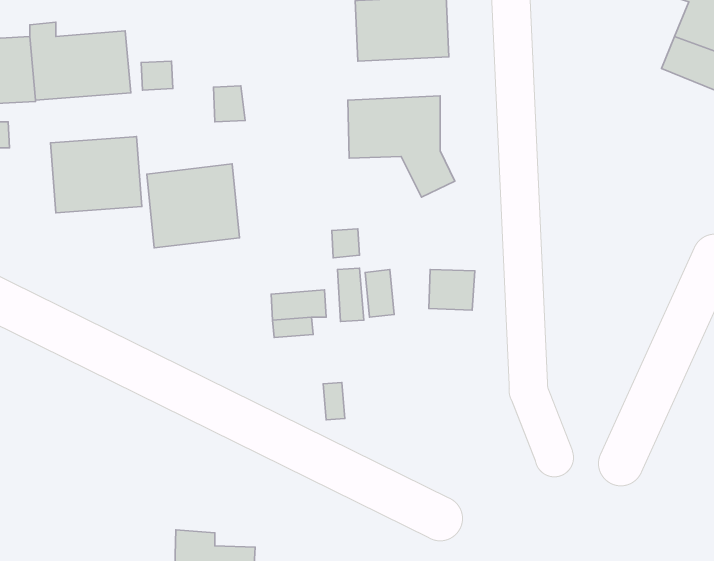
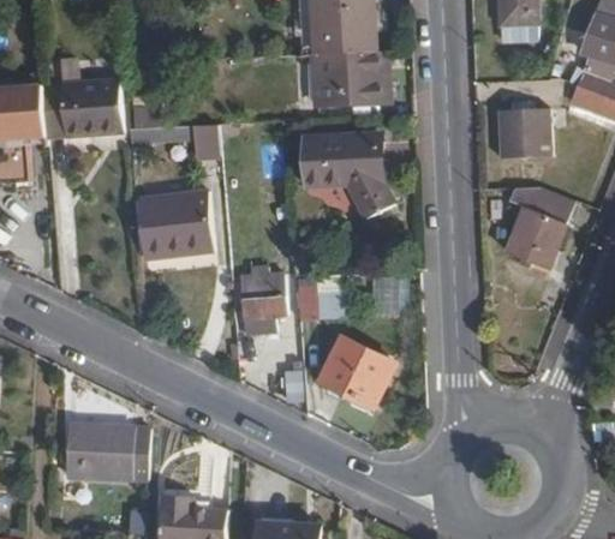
building: none -> [495,109,551,160]
building: [50,136,142,213] -> none
building: none -> [507,187,574,270]
building: none -> [238,266,285,299]
building: none -> [321,337,394,407]
building: none -> [65,425,149,481]

